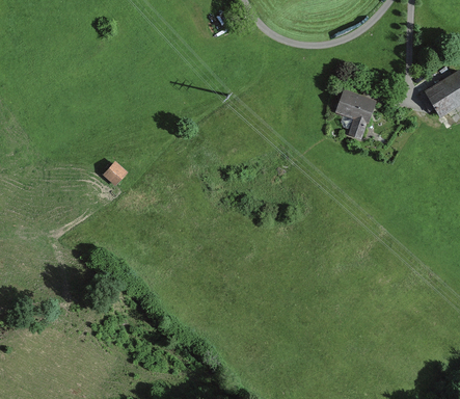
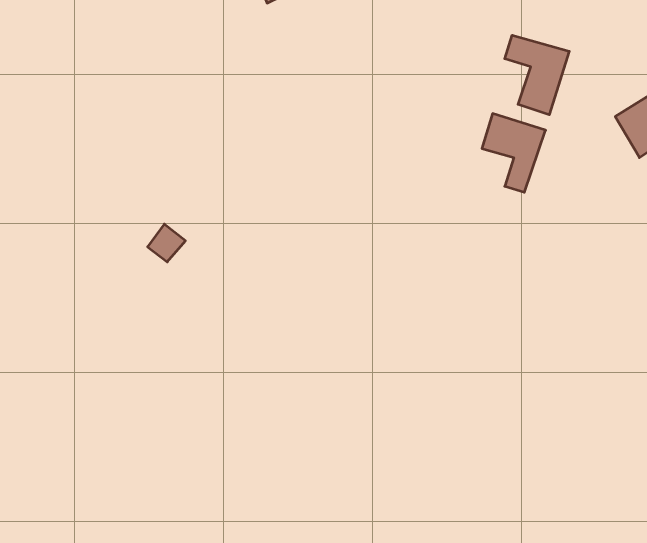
building: none -> [505,35,569,115]

